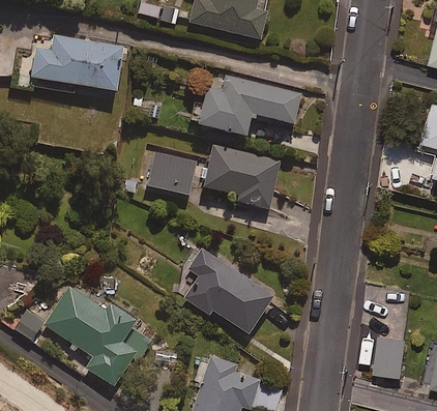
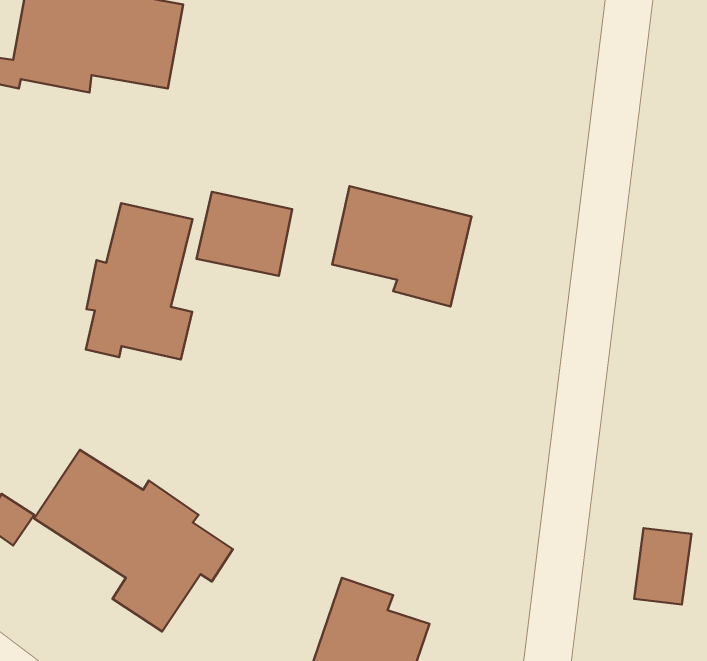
building: [197,72,301,136] -> none
building: none -> [86,203,192,360]
building: [184,246,272,333] -> none

